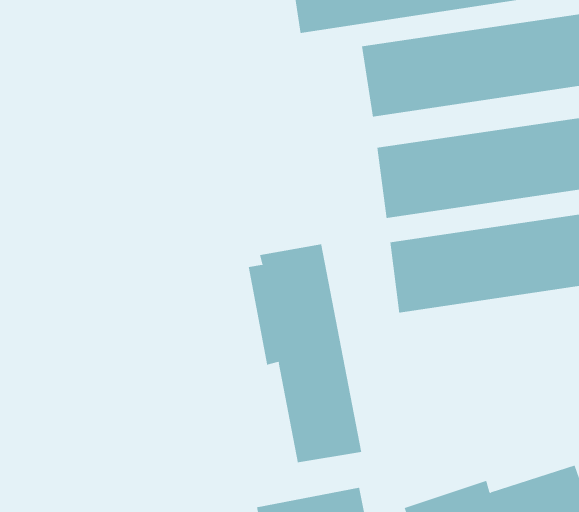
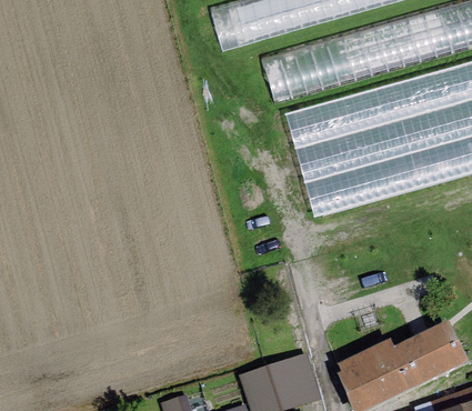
building: [248,243,362,463] -> none

